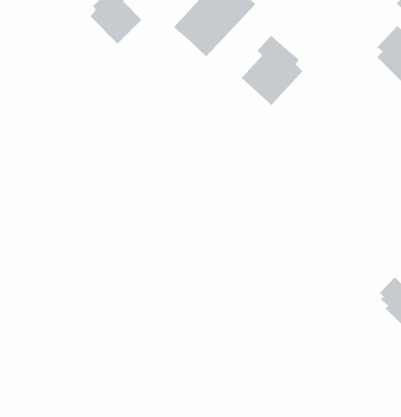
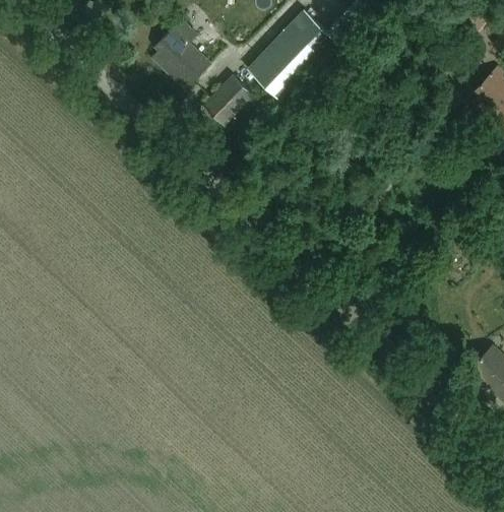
building: none -> [204,68,265,125]
building: [241,35,303,106] -> none

